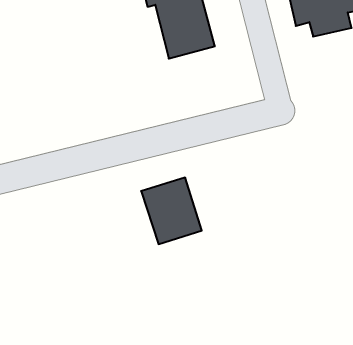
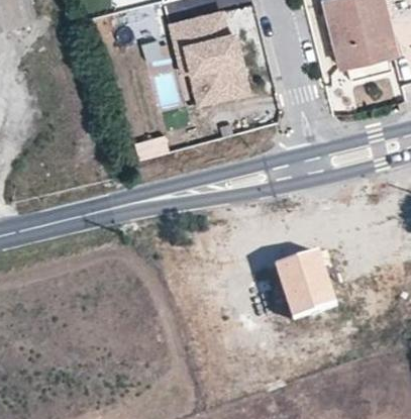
building: [141,178,202,244] -> [274,243,337,313]

